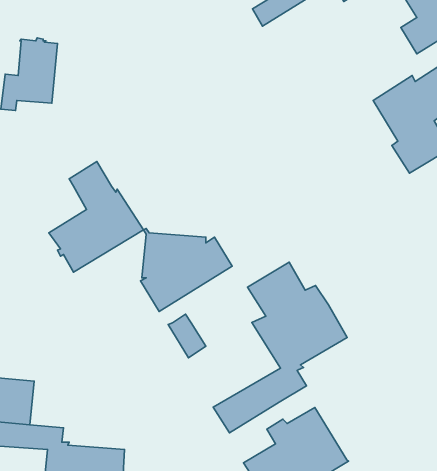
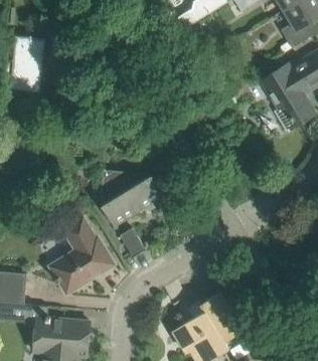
building: [49,161,143,272] -> [48,217,114,294]
building: [213,262,347,433] -> none

